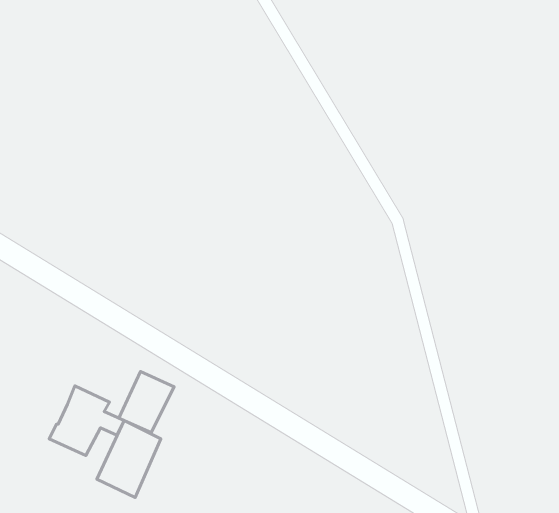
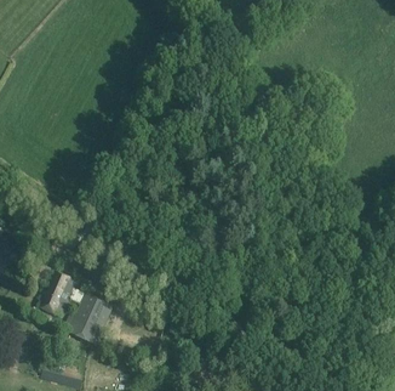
building: [119,371,174,432] -> none

